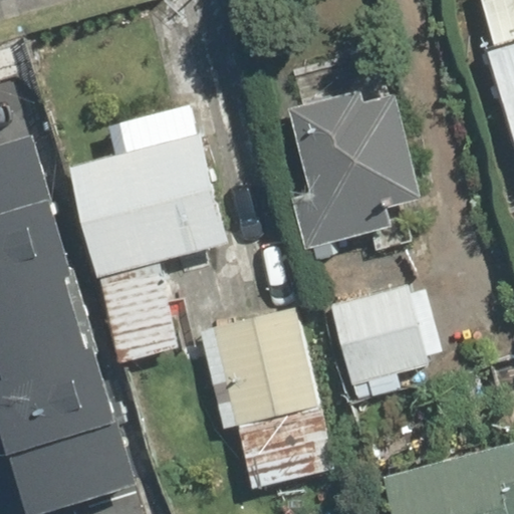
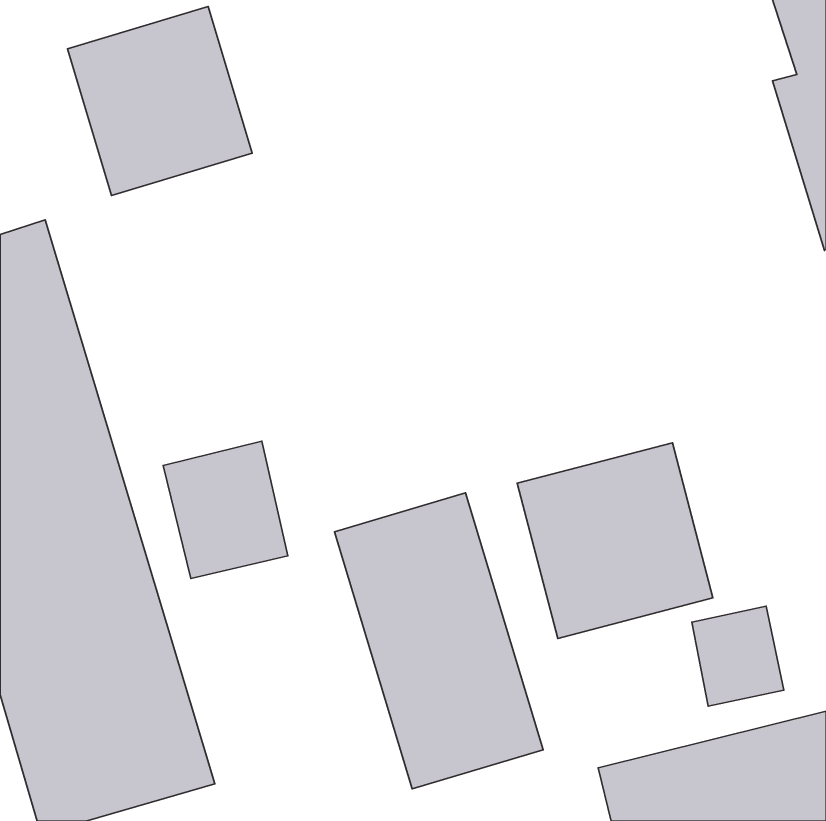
building: none -> [67,7,252,195]
building: [290,85,419,251] -> none
building: [69,128,233,279] -> none

